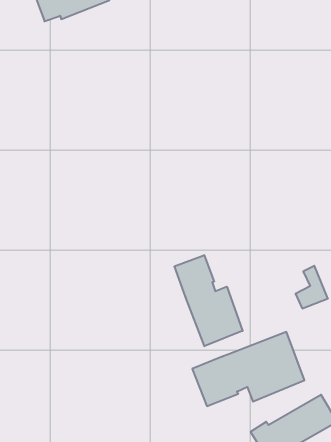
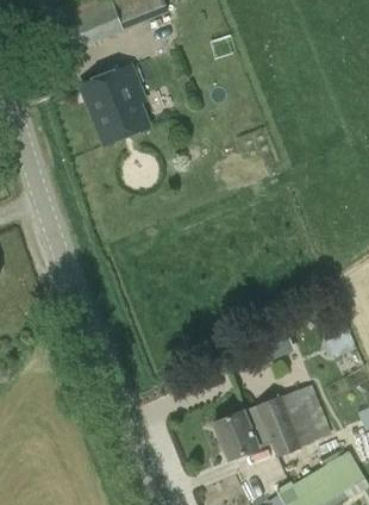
building: none -> [81,66,150,145]
building: [174,255,243,346] -> none

